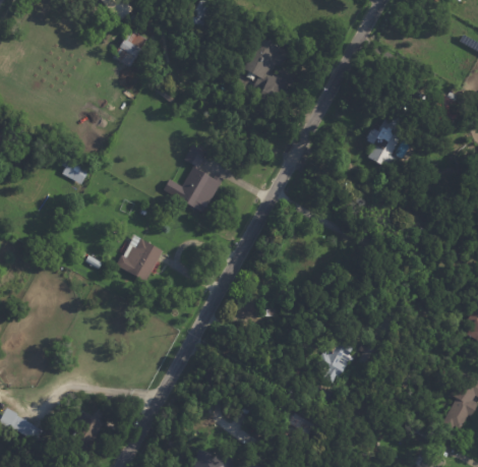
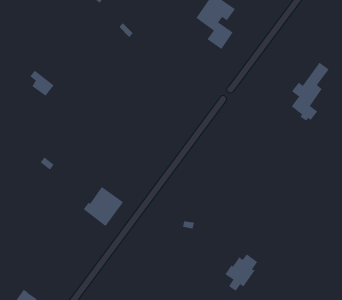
building: [164,145,223,214] -> none
building: [116,235,163,282] -> [83,186,124,227]

